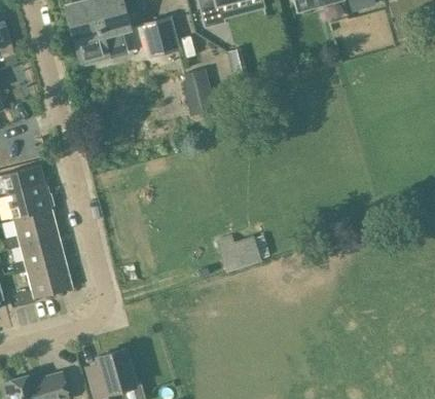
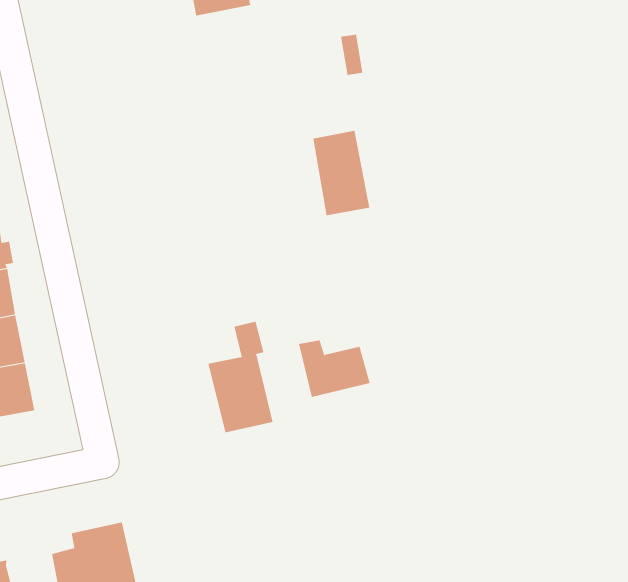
building: [180,69,215,118] -> [313,130,370,216]
building: none -> [208,321,273,433]

